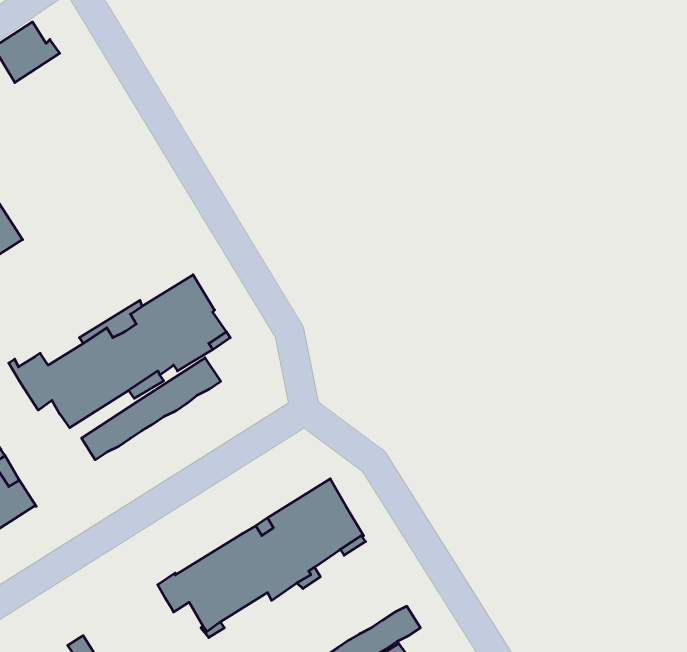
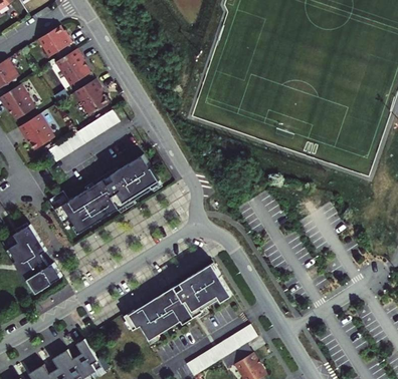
building: none -> [55,49,89,85]
building: none -> [74,78,109,115]
building: [82,358,221,460] -> [46,110,118,162]

